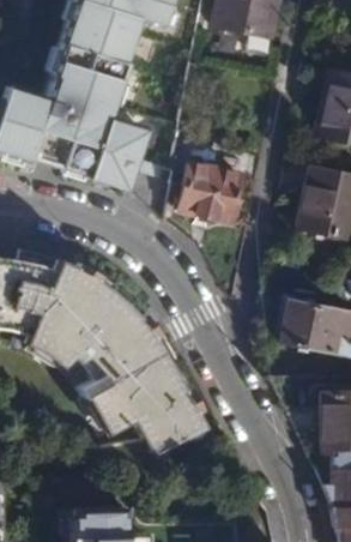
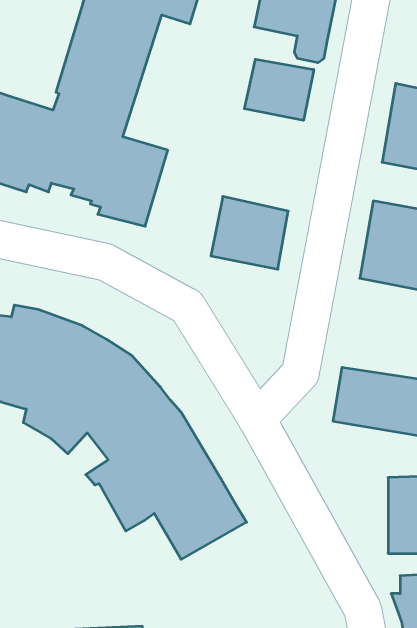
building: none -> [244,59,314,120]

